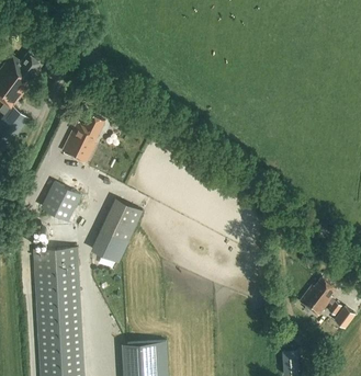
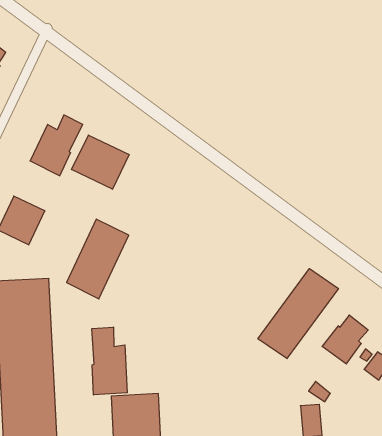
building: none -> [72,135,129,189]
building: none -> [258,269,338,359]
building: none -> [92,327,127,395]

